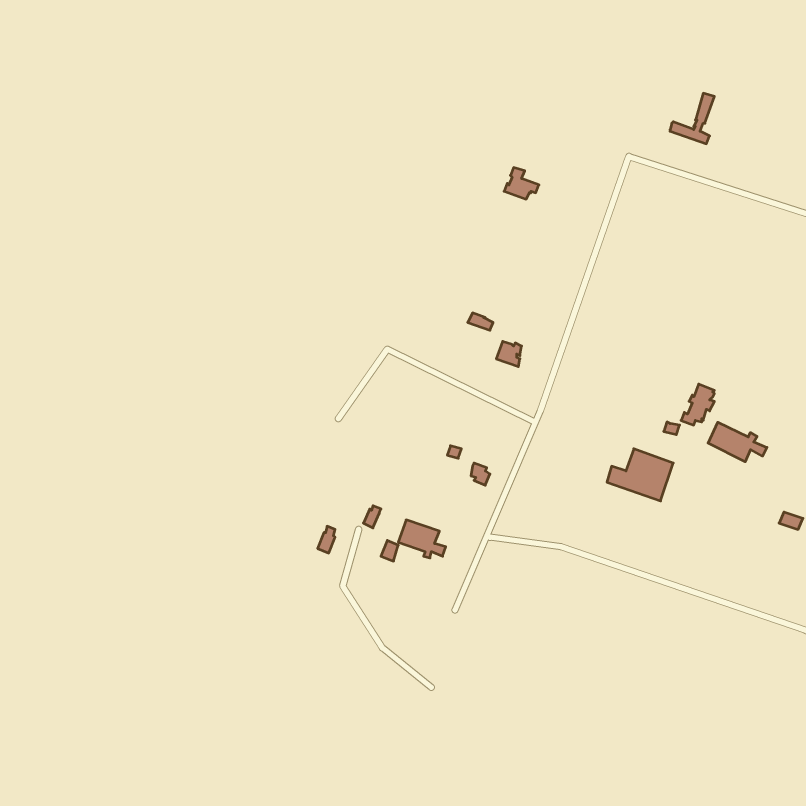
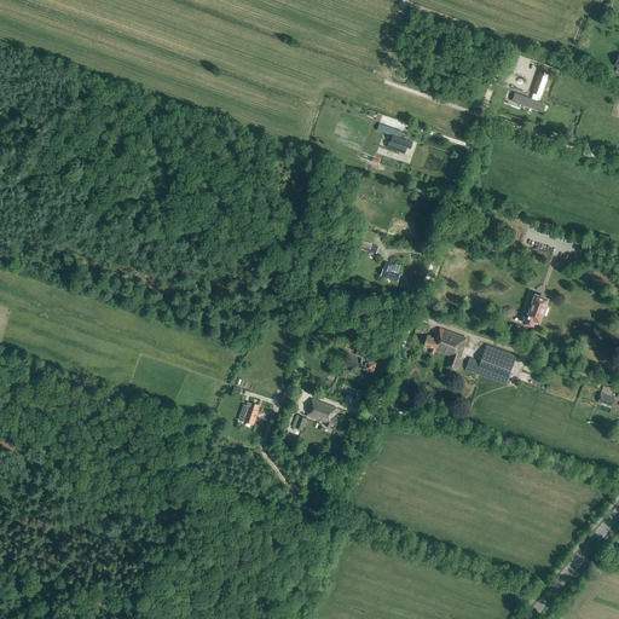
building: [708,422,767,462] -> none
building: none -> [423,328,465,370]

